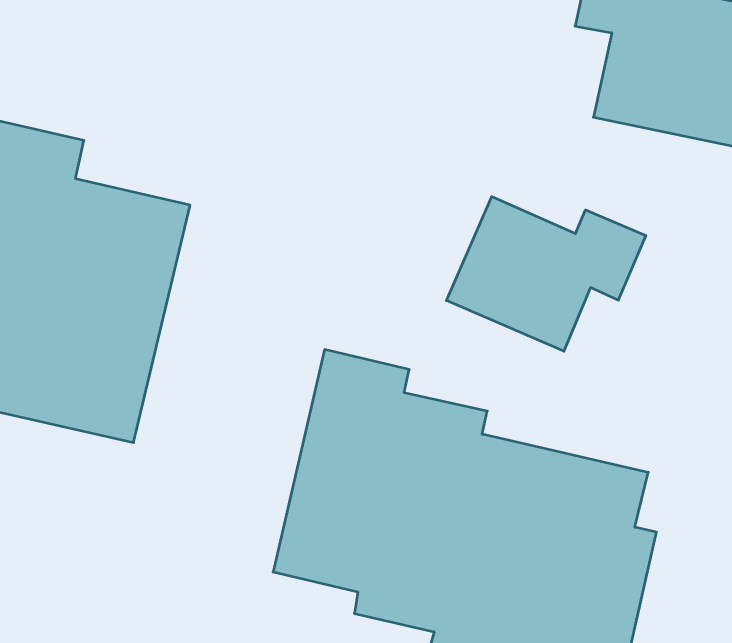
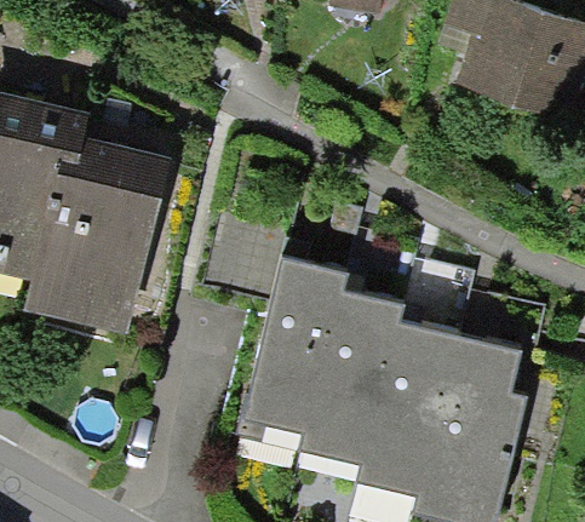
building: [446,197,646,351] -> none

